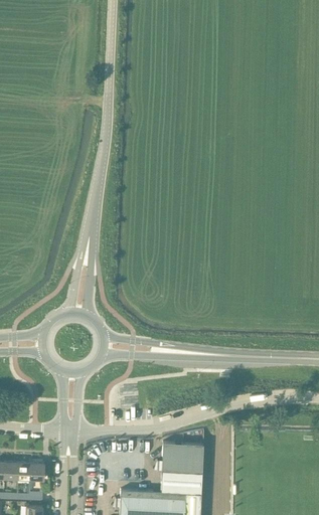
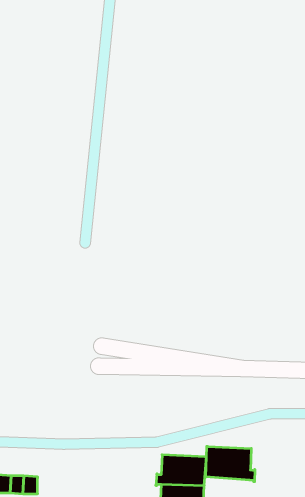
building: none -> [206,446,255,482]

